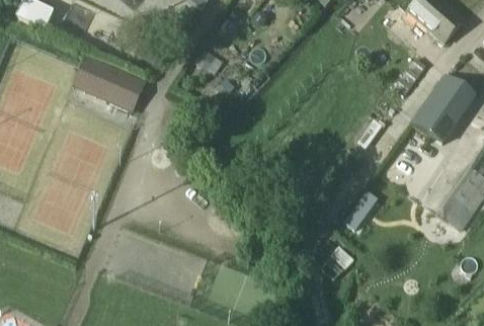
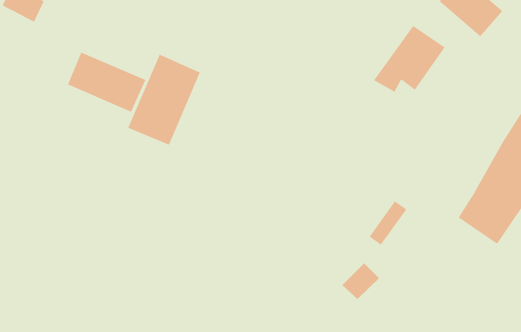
building: none -> [127,54,200,145]
building: [411,73,476,134] -> [373,25,446,93]

